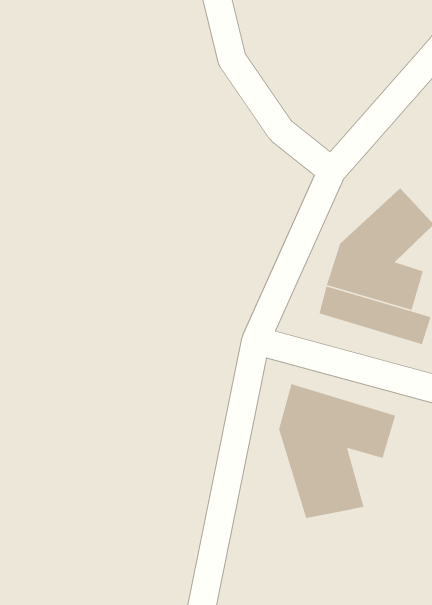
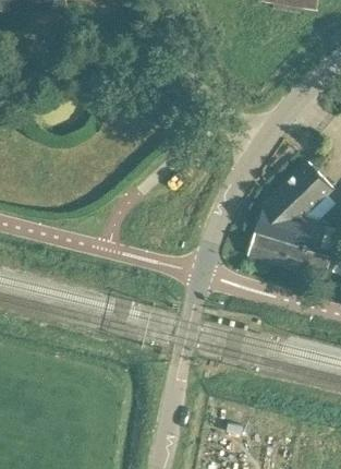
building: [278,383,396,519] -> none

